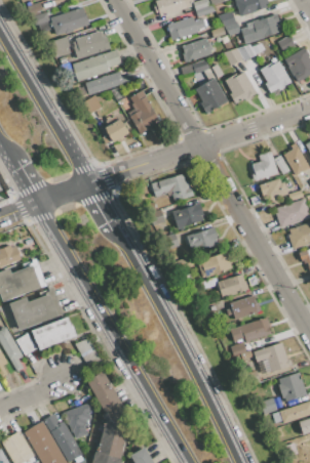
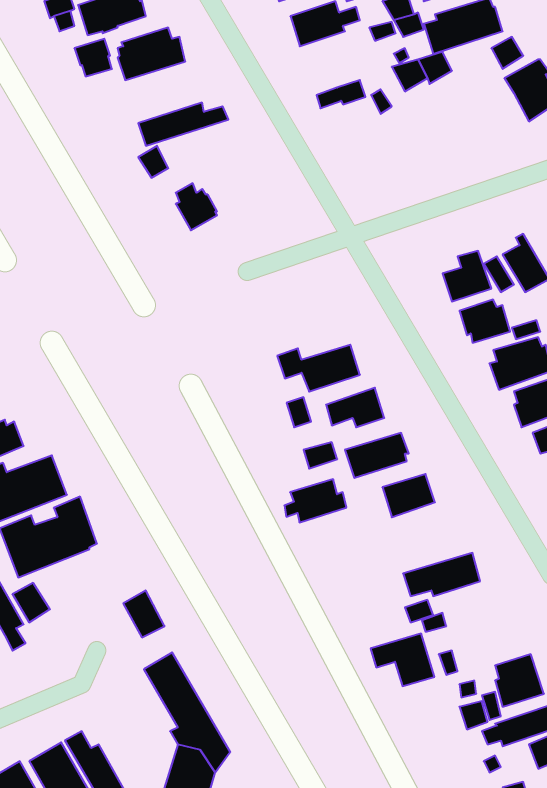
building: [182,38,211,62] -> none
building: [72,50,120,82] -> none
building: [260,61,290,93] -> none
building: [225,72,257,104] -> none
building: [196,79,227,113] -> none
building: [128,90,158,134] -> none
building: [152,174,192,201] -> none
building: [227,295,261,319] -> [284,479,346,522]
building: [32,318,77,349] -> none
building: [254,343,288,372] -> [371,634,434,686]
building: [63,403,92,438] -> none

